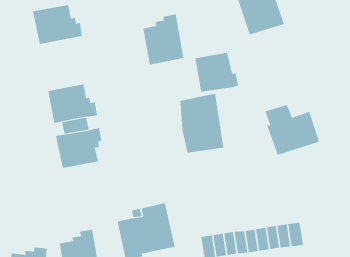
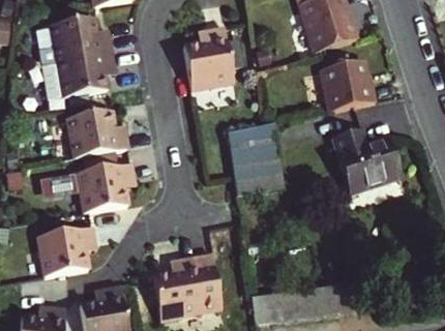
building: none -> [43,51,115,103]
building: [194,52,239,92] -> [320,62,374,111]
building: none -> [40,225,97,275]

